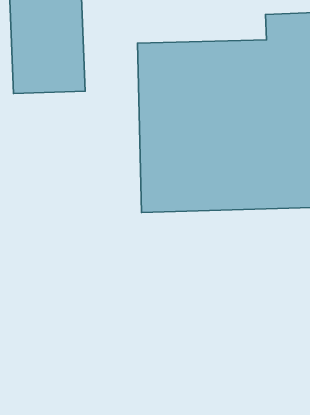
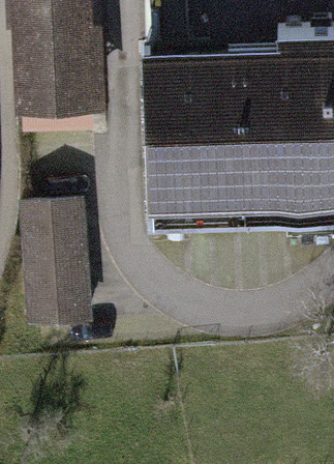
building: none -> [23,197,90,321]

